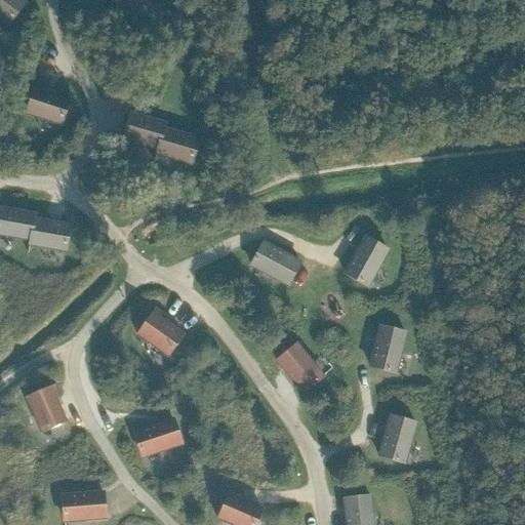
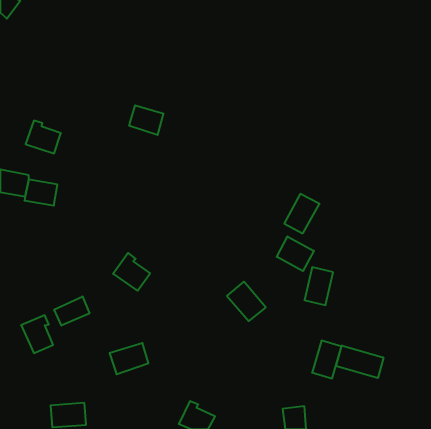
building: [26,83,69,123] -> [26,121,61,153]
building: [123,113,165,149] -> none
building: [251,241,299,284] -> none
building: none -> [277,236,314,271]
building: none -> [54,296,89,326]
building: none -> [336,345,383,378]

